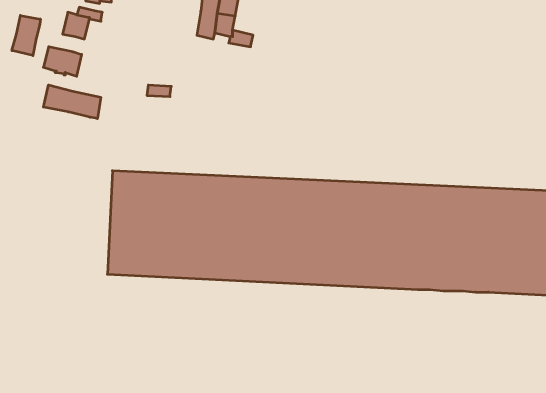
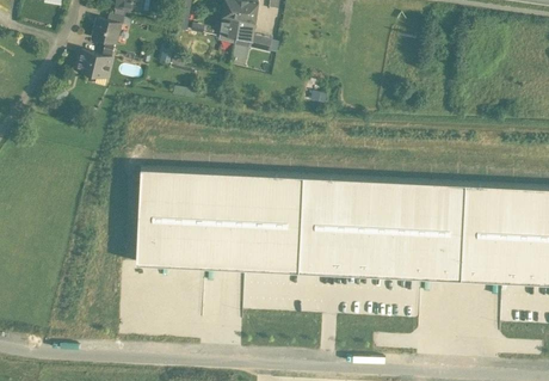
building: [12,15,40,56] -> none
building: [43,85,101,119] -> none

